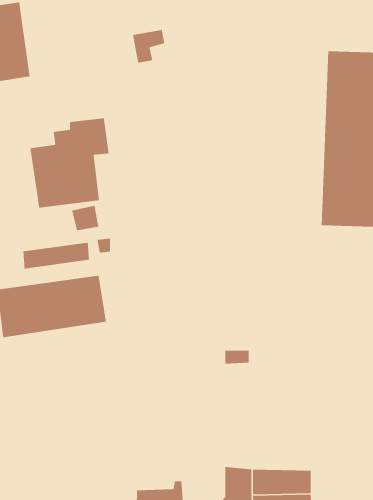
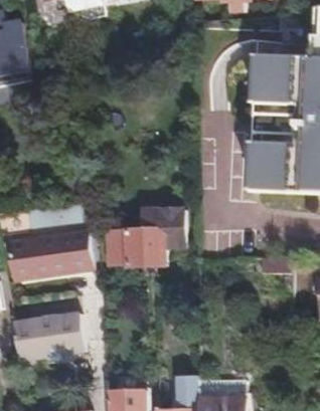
building: [29,117,110,209] -> none
building: none -> [109,203,180,265]
building: none -> [12,310,83,360]

